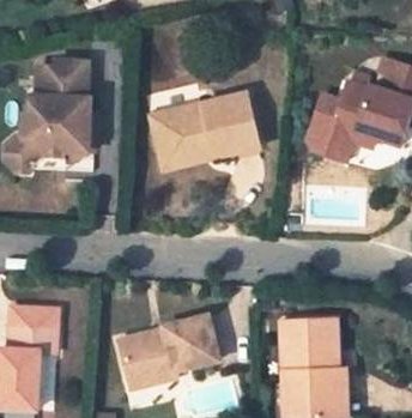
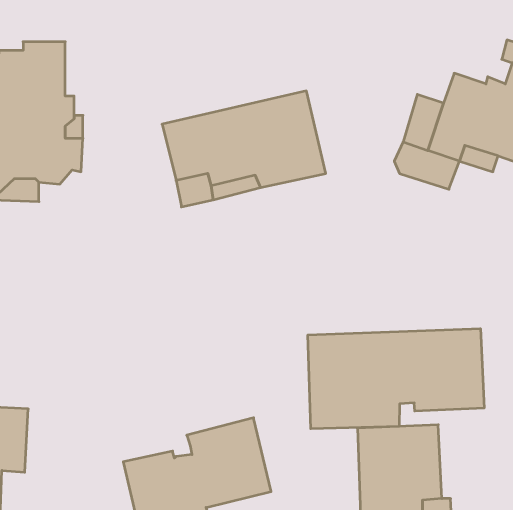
building: none -> [308,329,484,429]

